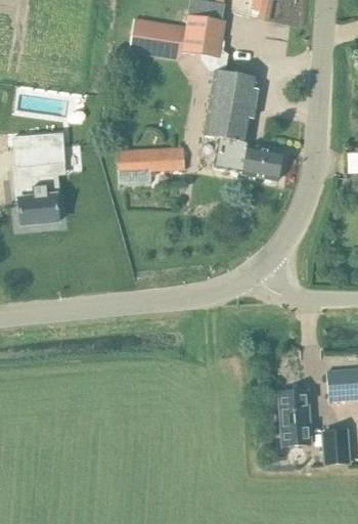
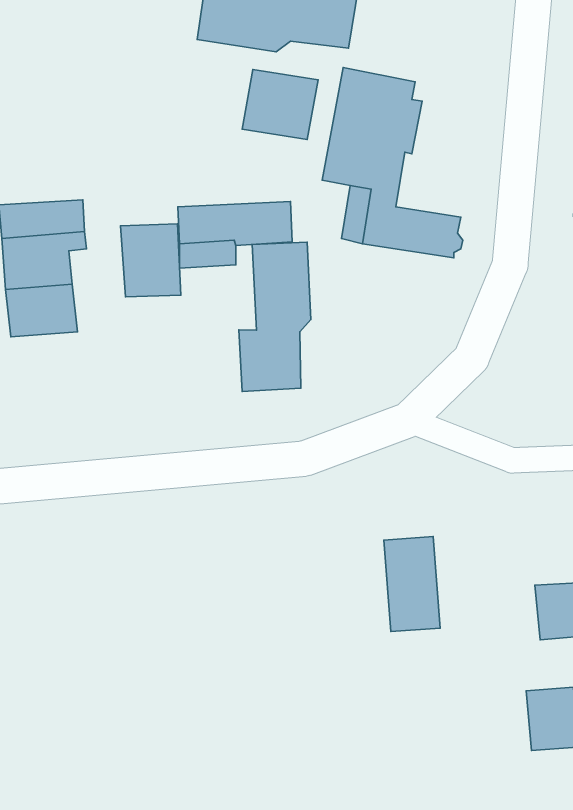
building: none -> [242,70,318,139]
building: none -> [120,224,181,297]
building: none -> [239,242,311,391]
building: [279,390,312,445] -> [384,536,440,632]

